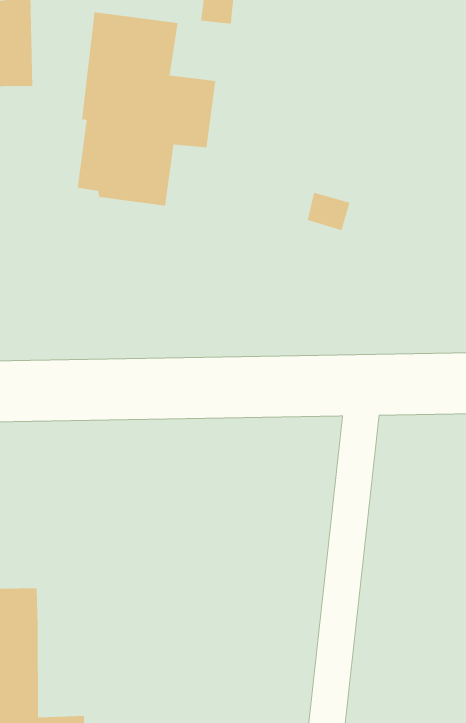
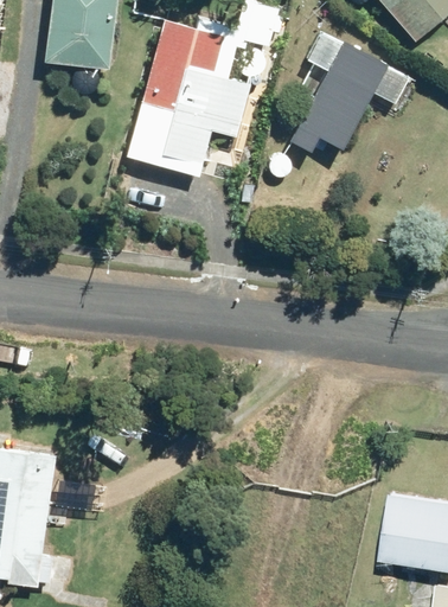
building: none -> [286,40,398,152]

